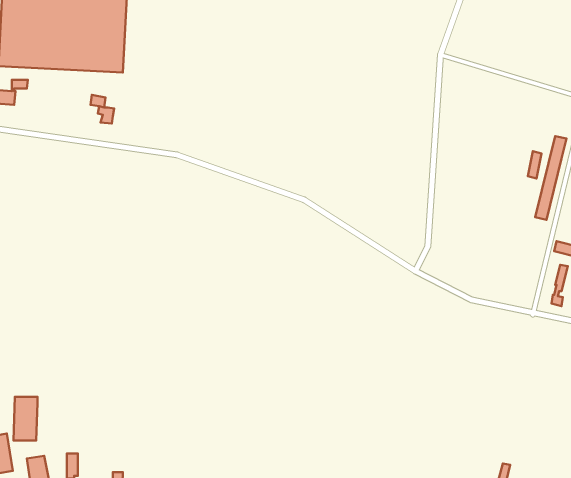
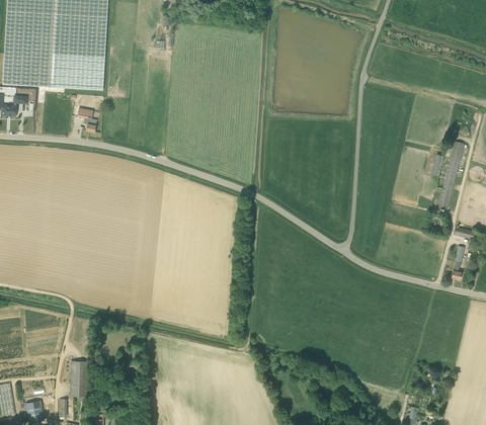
building: [14,397,37,440] -> [69,359,88,395]

